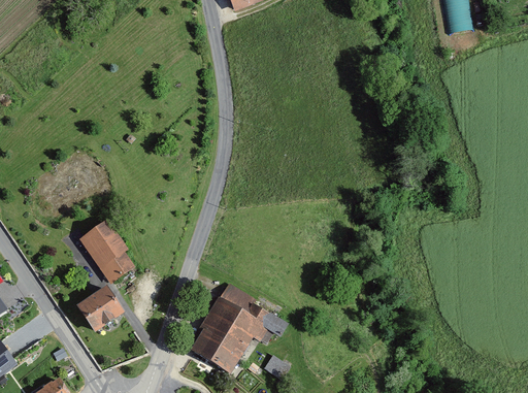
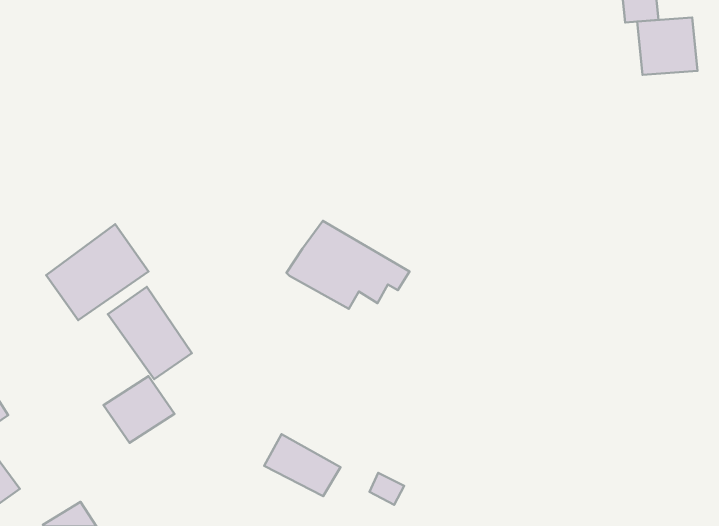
building: none -> [637,18,697,75]
building: none -> [46,224,148,320]
building: [200,286,288,349] -> [287,221,409,309]

